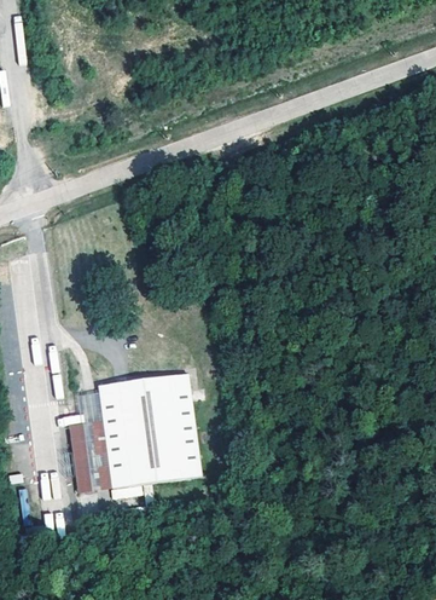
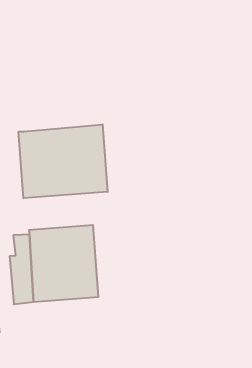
building: none -> [19,124,108,198]

